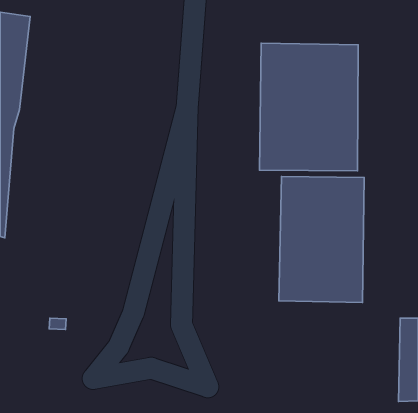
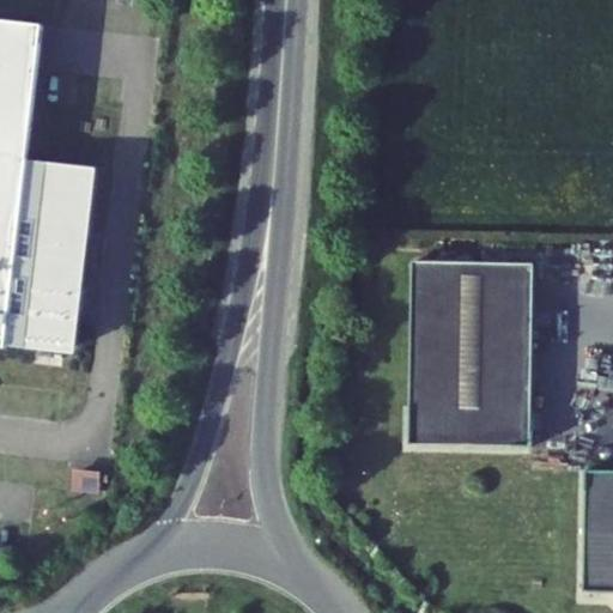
building: [260,43,358,171] -> none
building: none -> [12,165,101,364]

